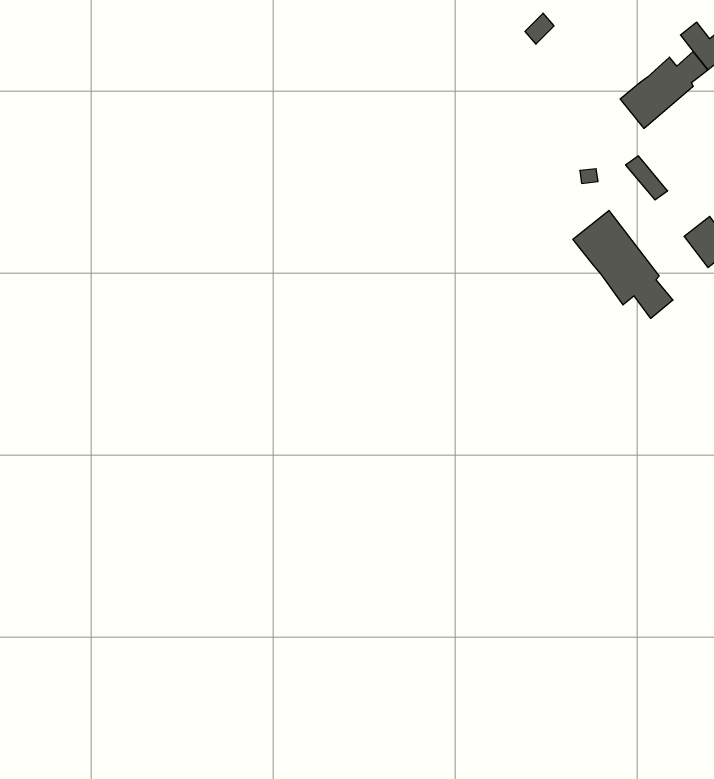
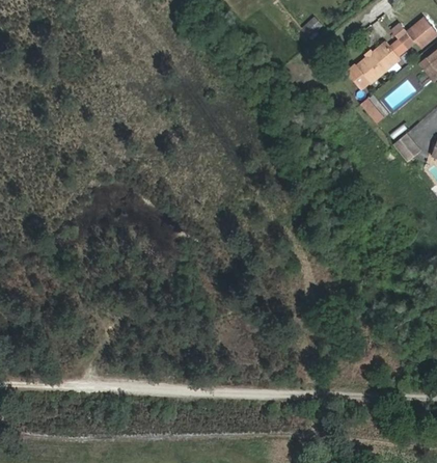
building: [573,210,673,318] -> none

